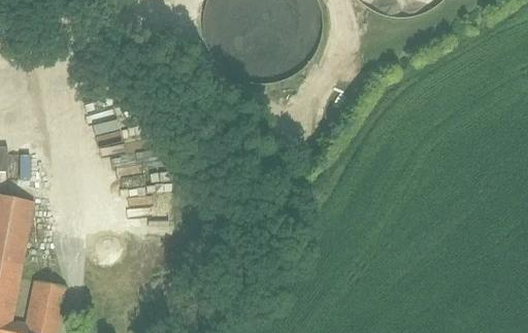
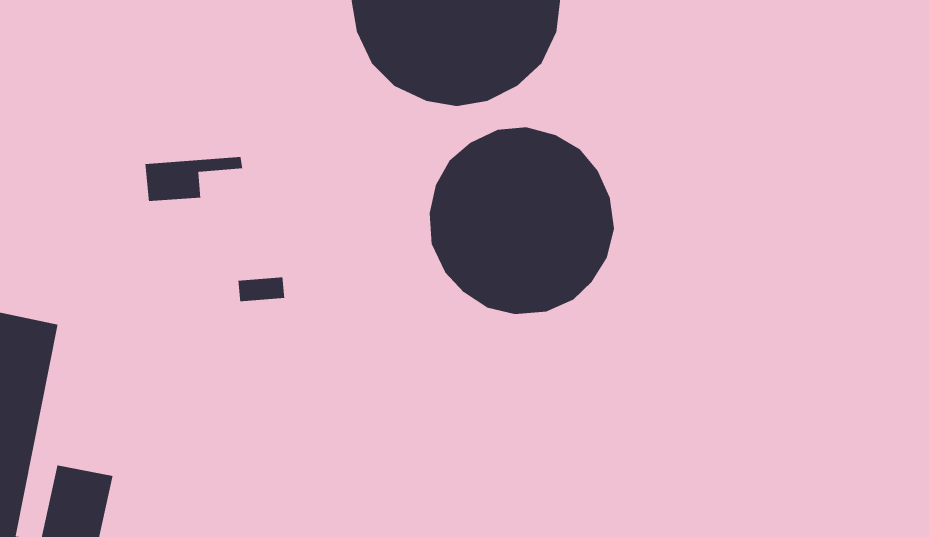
building: none -> [429,127,615,315]

